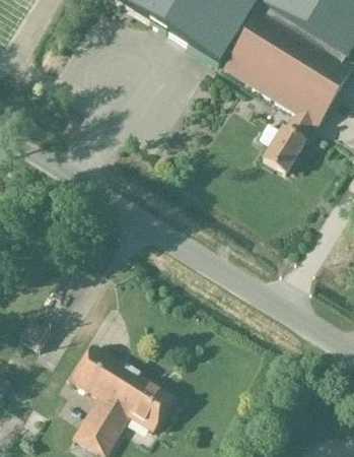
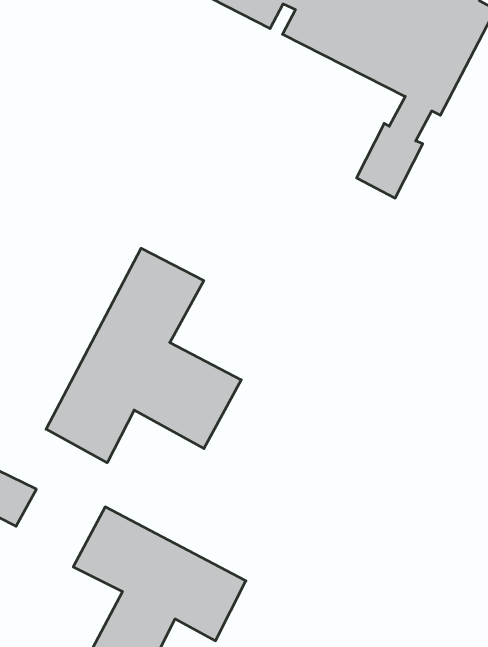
building: none -> [46,248,241,463]

